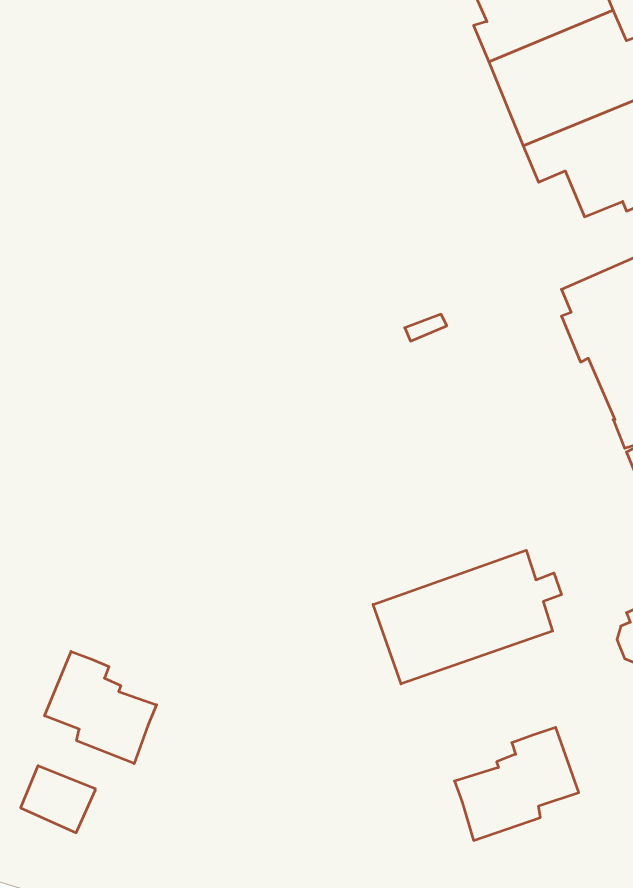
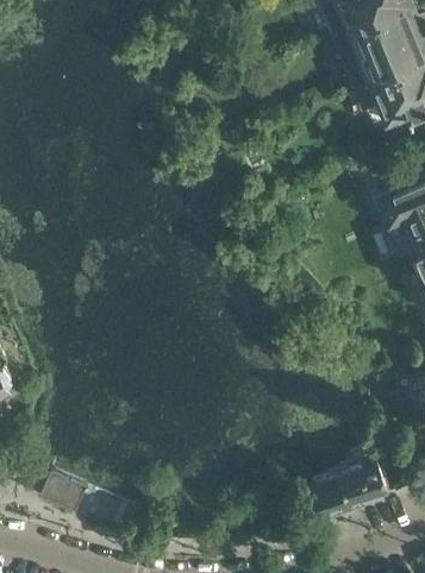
building: [373,550,561,684] -> none
building: [45,651,157,764] -> none

